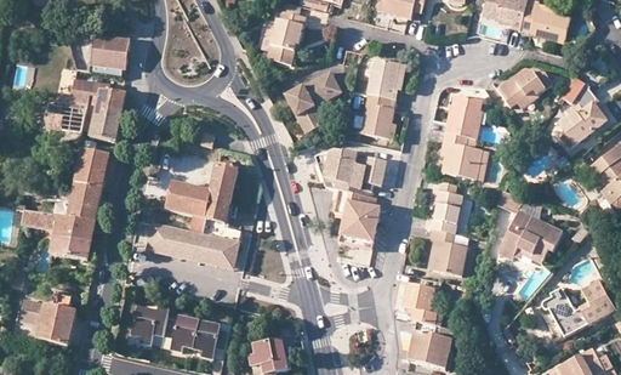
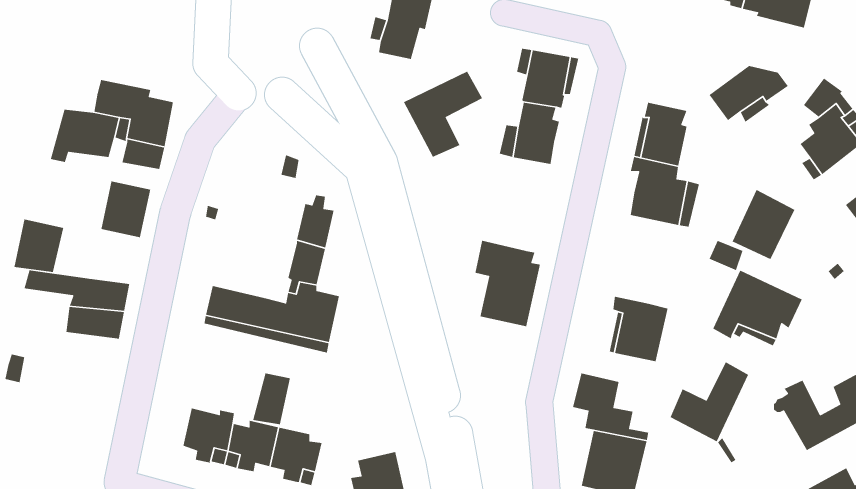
building: [89,35,129,74] -> none
building: [314,148,386,197] -> none
building: none -> [732,189,795,260]
building: [67,182,102,220] -> [13,219,64,273]
building: [167,183,210,233] -> none
building: [425,189,462,233] -> none
building: none -> [669,361,749,443]
building: none -> [252,372,291,425]
building: [22,291,75,345] -> none

